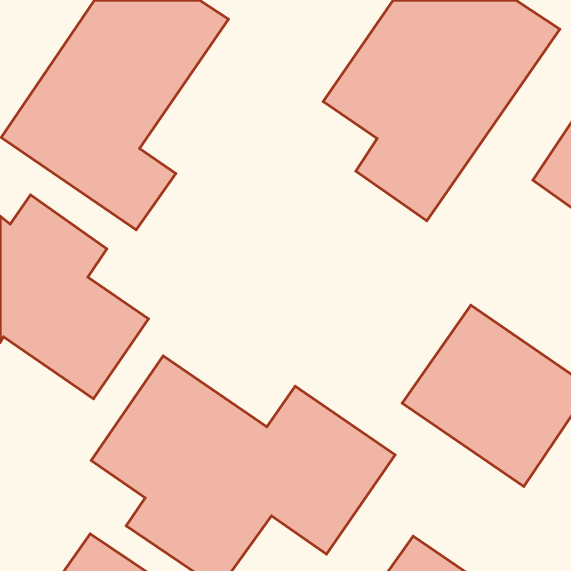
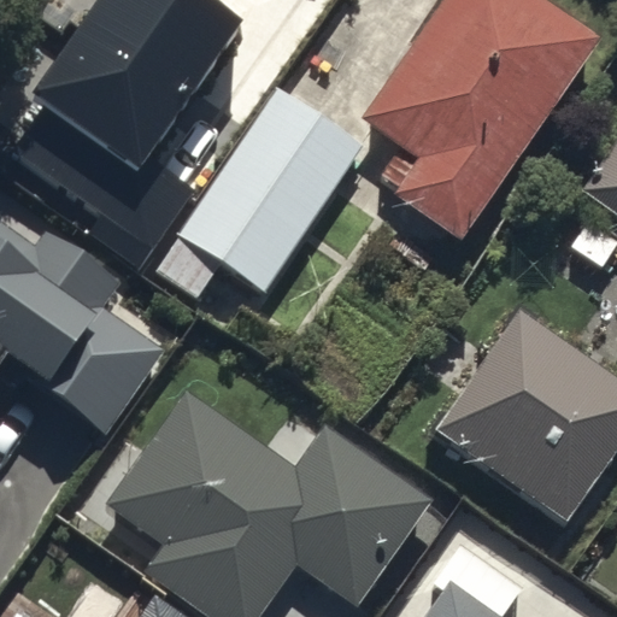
building: none -> [168,86,370,305]

